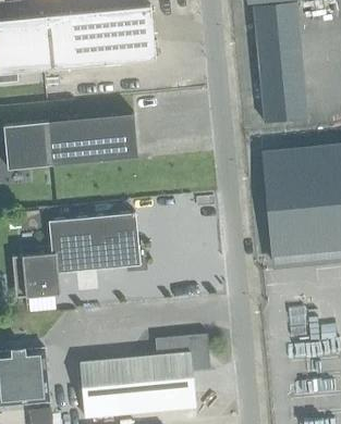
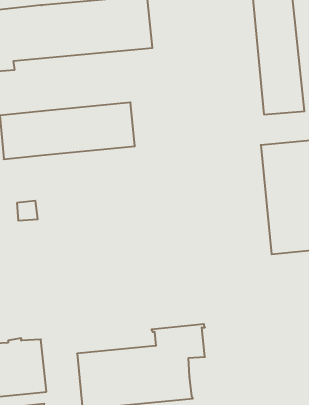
building: [17,212,139,297] -> none

